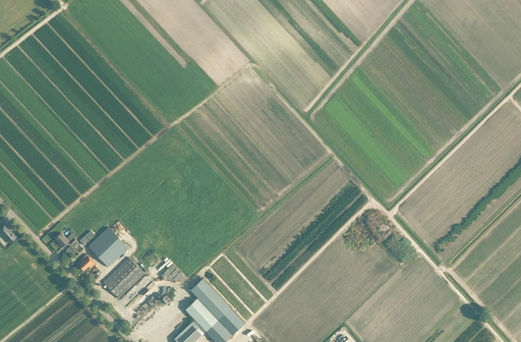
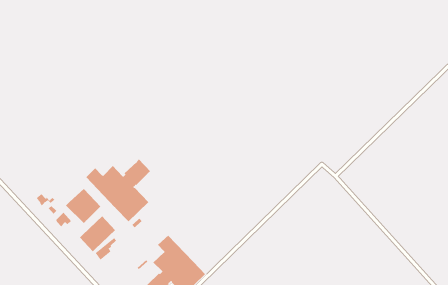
building: none -> [85,159,151,222]

